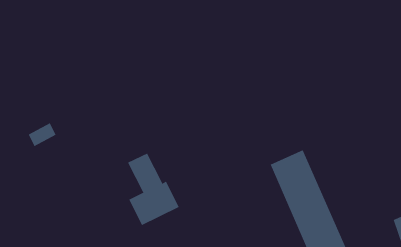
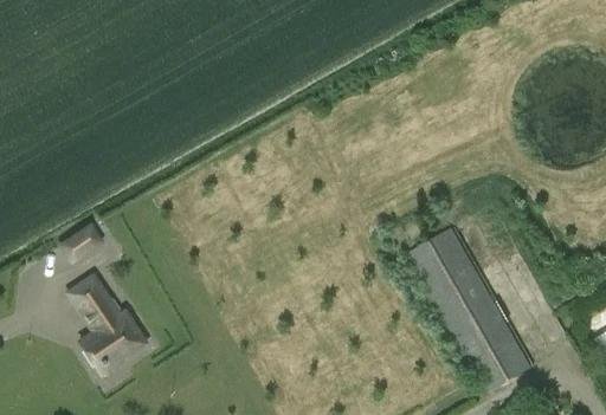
building: [127,153,180,226] -> [67,274,148,378]

